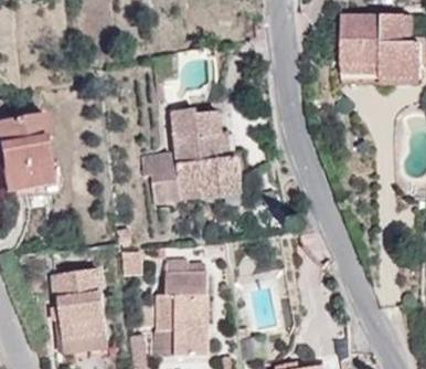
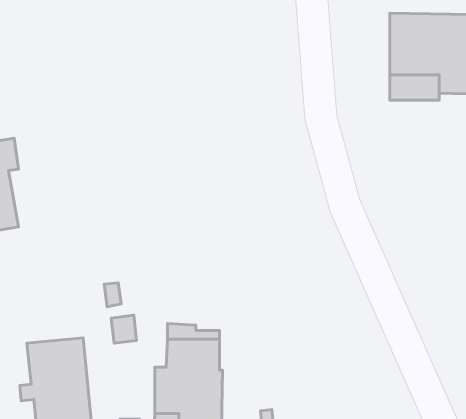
building: [141,108,242,202] -> none

